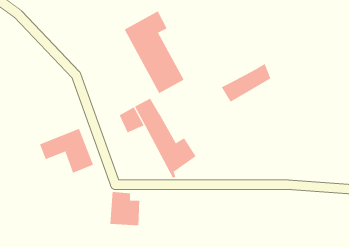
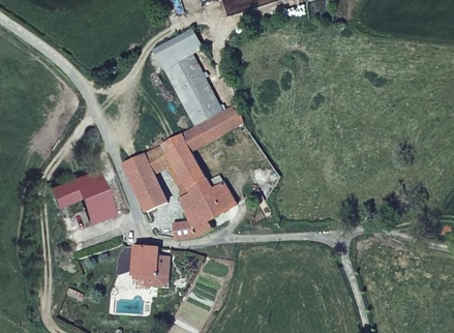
building: [221,63,271,103] -> [182,104,243,152]
building: none -> [124,154,168,213]
building: none -> [168,166,209,239]

